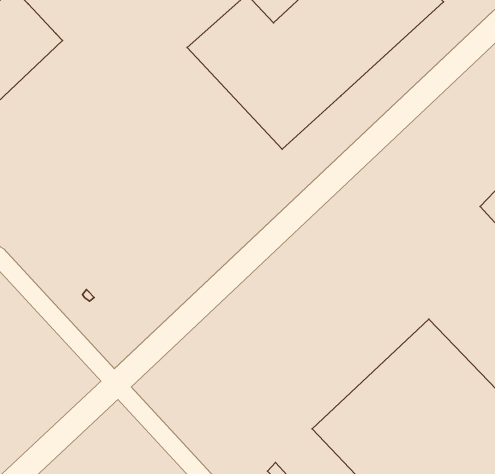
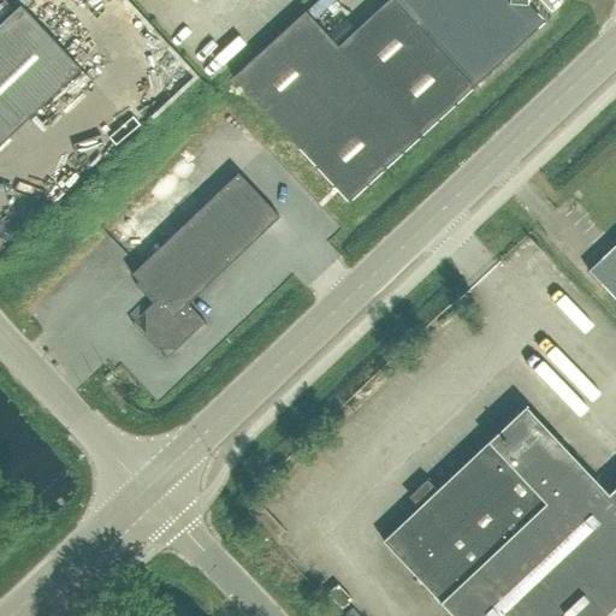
building: none -> [131,173,279,349]

